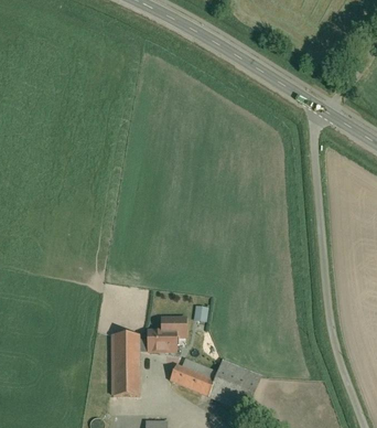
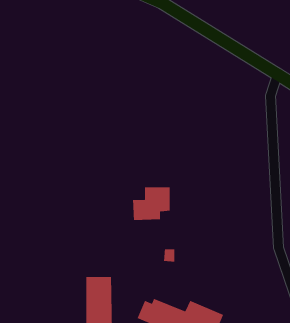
building: [144,312,187,351] -> [132,186,171,221]

